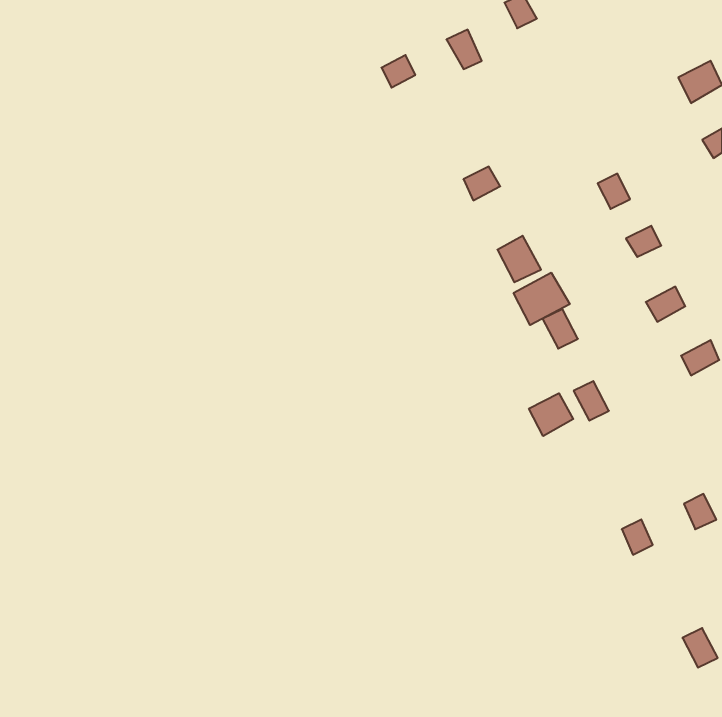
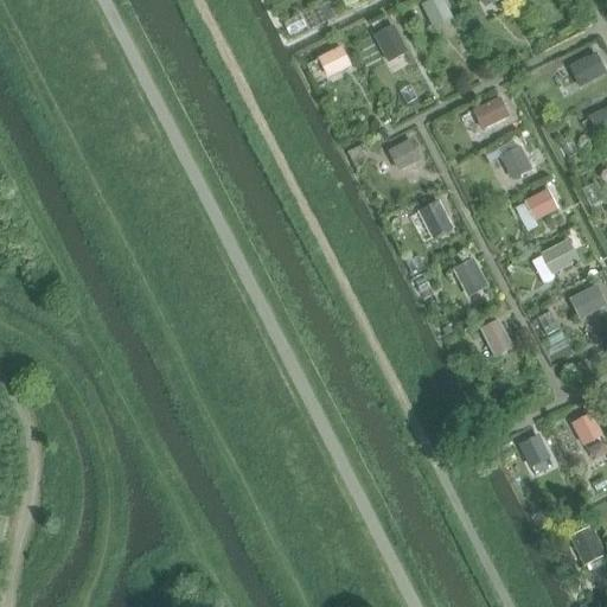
building: none -> [472,95,510,128]
building: [514,273,570,325] -> none
building: [529,393,573,436] -> none

